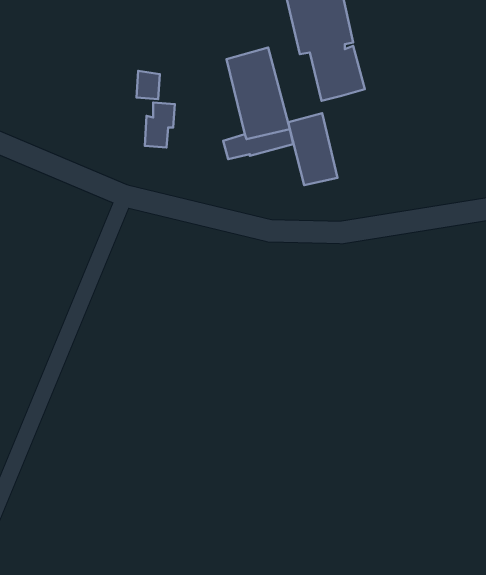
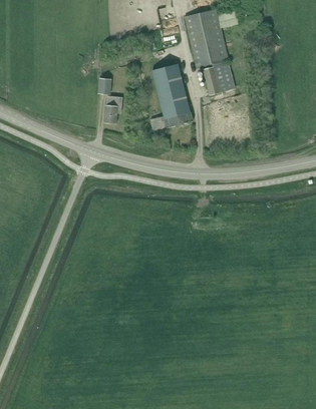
building: [288,113,337,185] -> none

